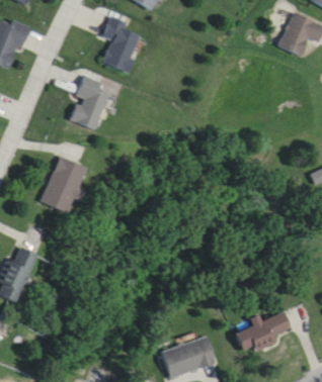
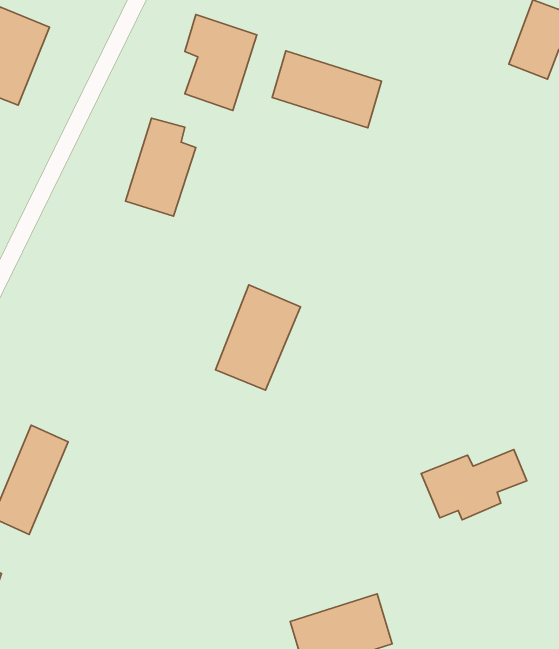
building: none -> [272,51,381,128]
building: [41,156,87,213] -> [215,285,301,390]
building: [233,312,291,351] -> [421,449,527,520]

